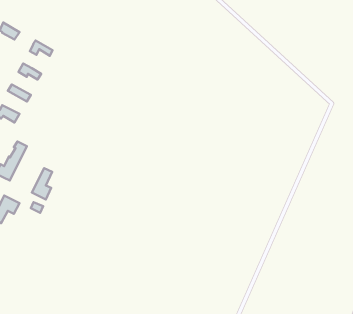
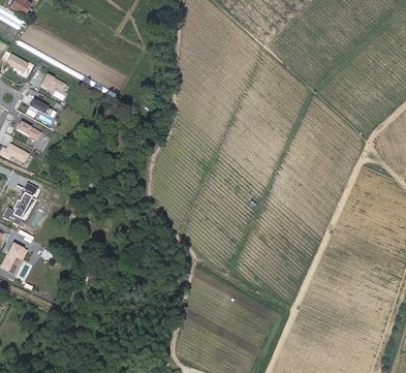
building: [32,168,52,199] -> none

